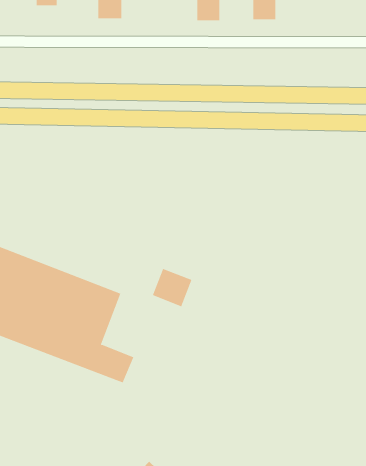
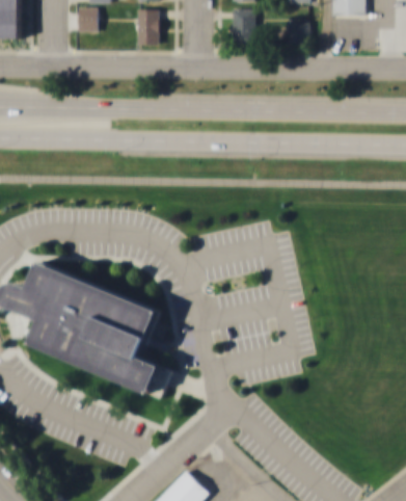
building: [152,268,192,307] -> none

